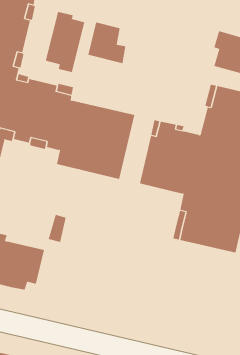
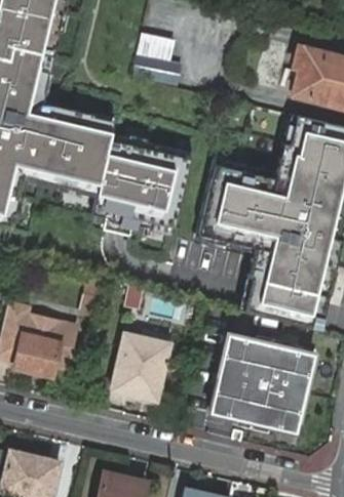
building: [45,11,85,73] -> none
building: none -> [111,334,166,397]
building: none -> [203,339,312,441]

